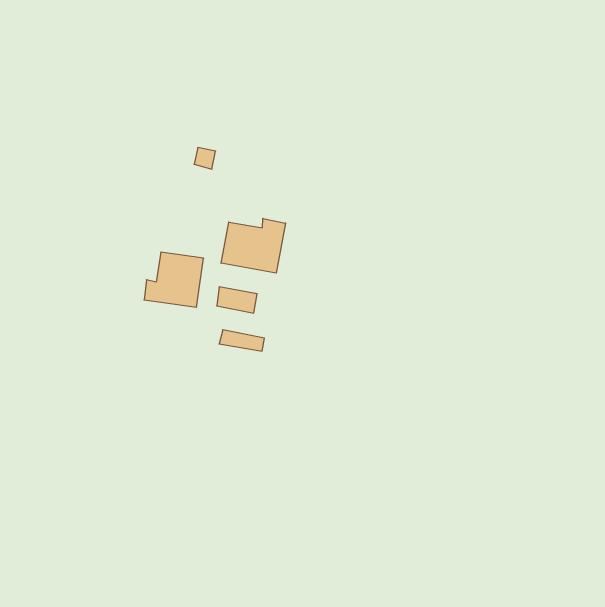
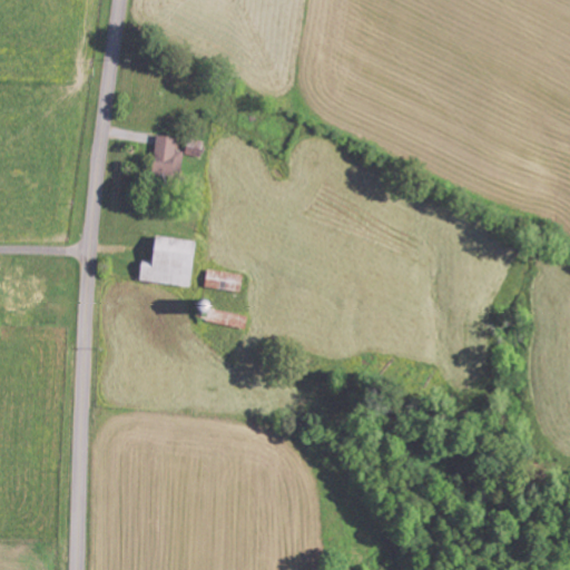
building: none -> [151,136,183,177]
building: [221,218,286,273] -> none

